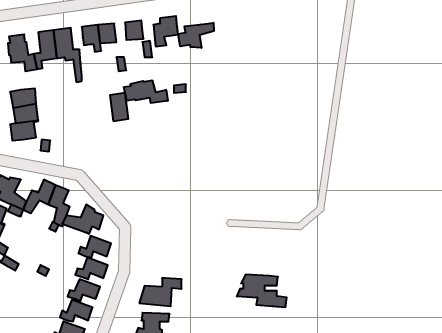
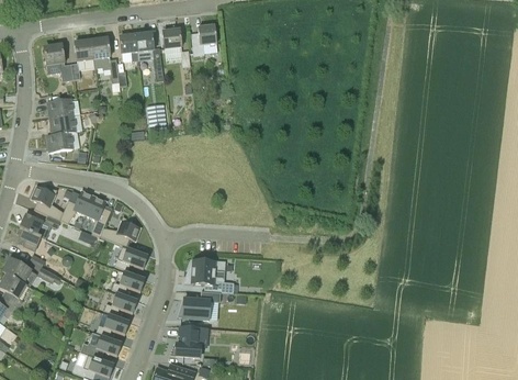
building: [178,23,214,48] -> none
building: [124,80,168,103] -> none
building: [237,275,287,307] -> [184,259,235,292]

